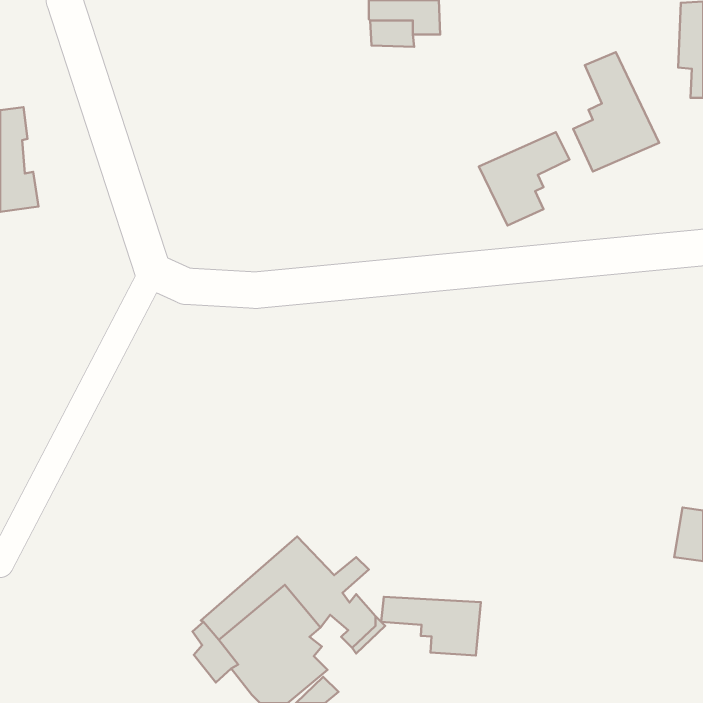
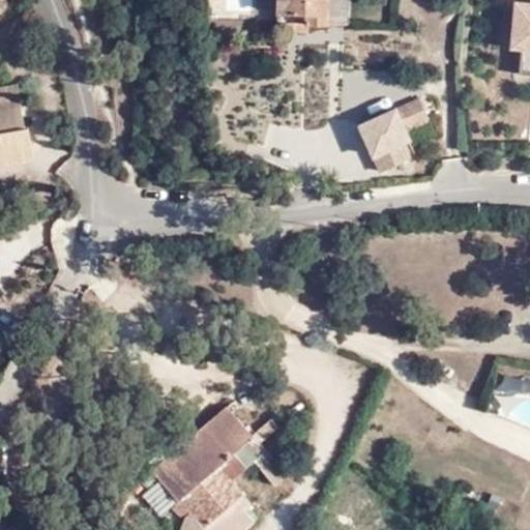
building: [573,52,659,172] -> none
building: [381,597,481,655] -> none

